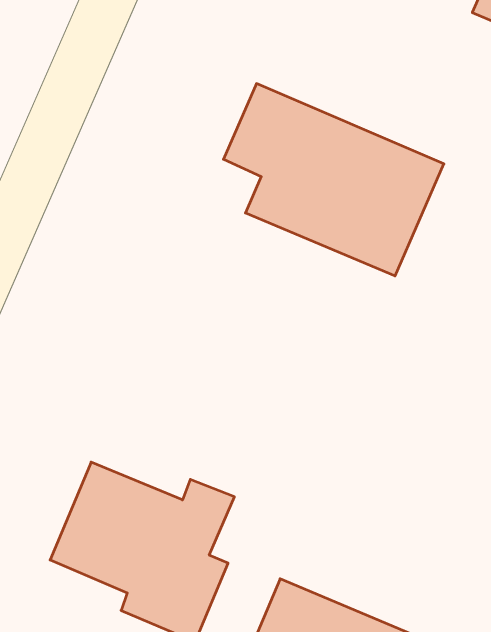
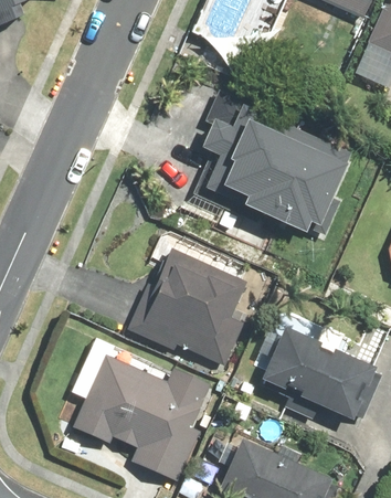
building: none -> [131,248,247,370]
building: none -> [263,333,379,417]

